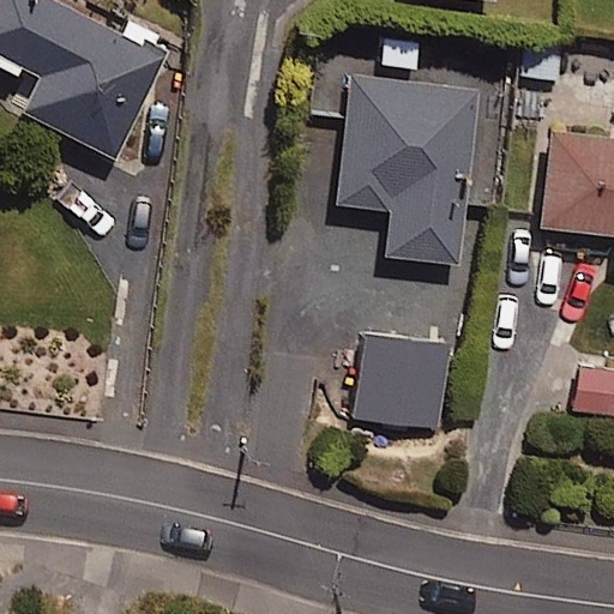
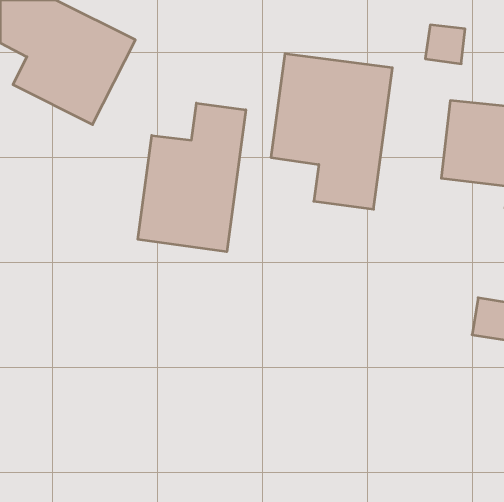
building: none -> [138,103,246,252]
building: [357,342,455,437] -> none

